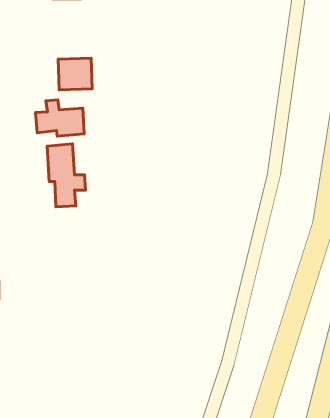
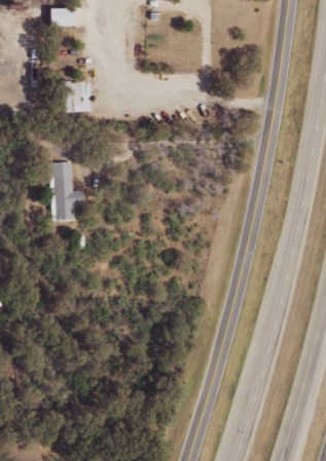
building: [36,100,84,136] -> none

